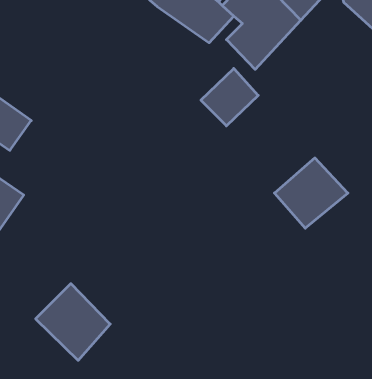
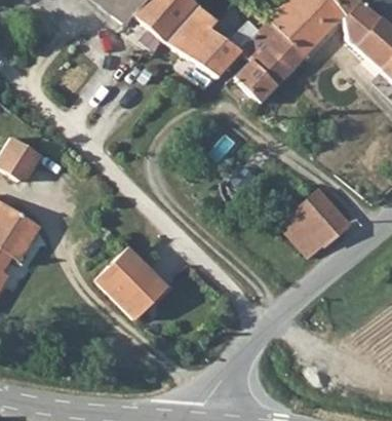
building: [201,68,258,126] -> none
building: [36,284,110,360] -> [95,247,167,321]

